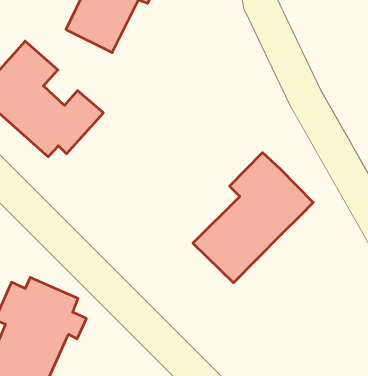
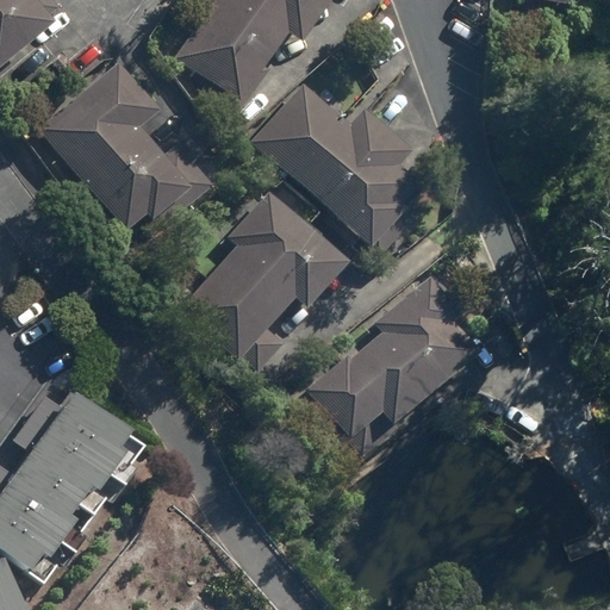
building: none -> [253,86,424,254]
building: none -> [167,185,341,372]

